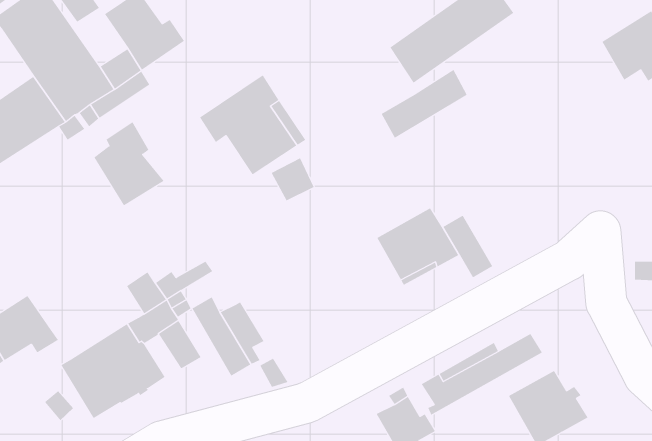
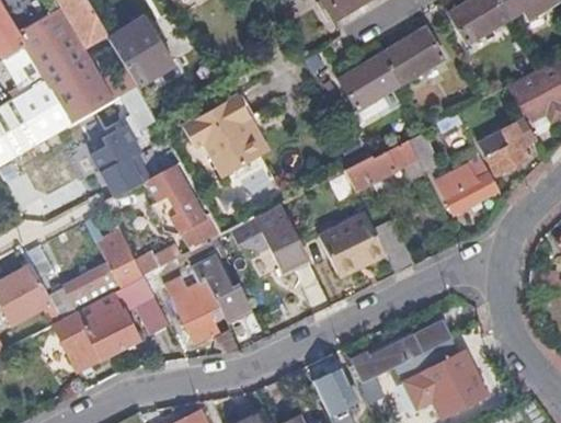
building: [381,69,468,138] -> [345,137,417,191]
building: none -> [479,124,533,174]
building: none -> [437,157,499,213]
building: none -> [151,164,221,250]
building: none -> [255,204,308,271]
building: none -> [193,259,245,315]
building: none -> [48,264,121,319]

